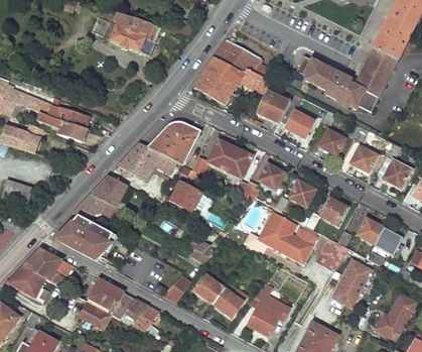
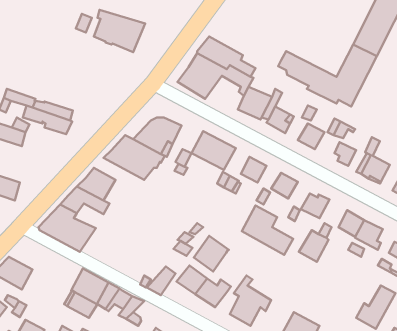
building: [170,183,201,212] -> none
building: none -> [194,236,229,271]
building: [21,247,71,284] -> none
building: [331,260,371,307] -> none

